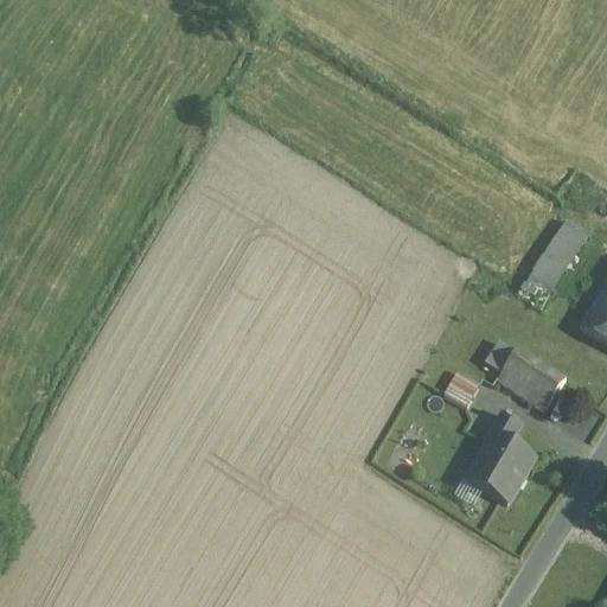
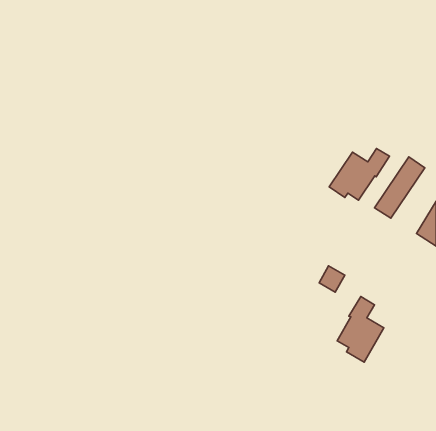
building: none -> [329,148,389,200]
building: [496,346,564,410] -> none

